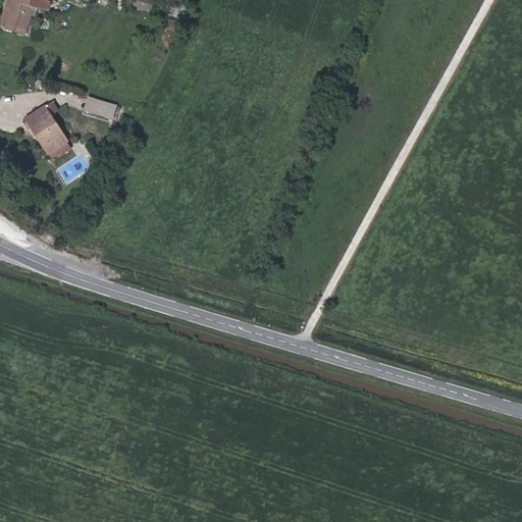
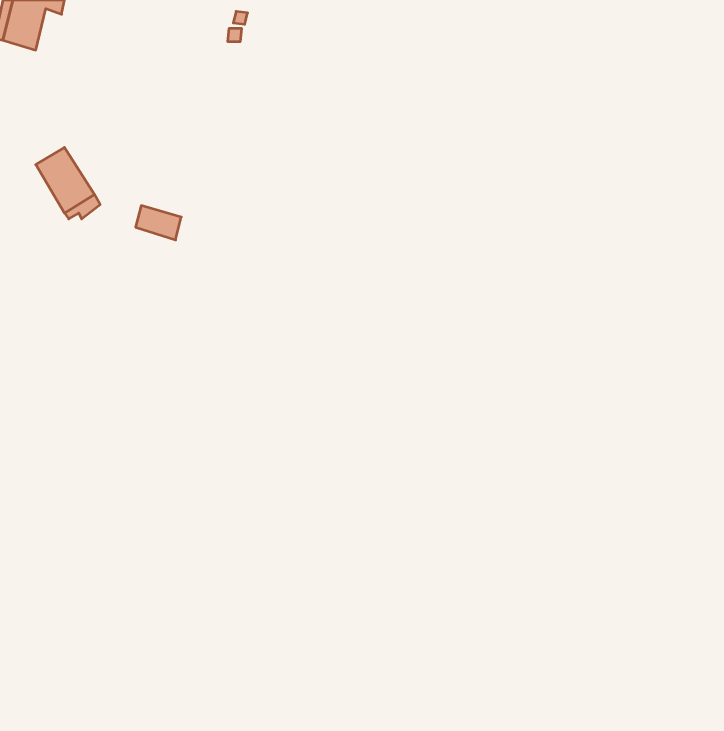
building: [83,97,115,121] -> [136,206,181,240]

